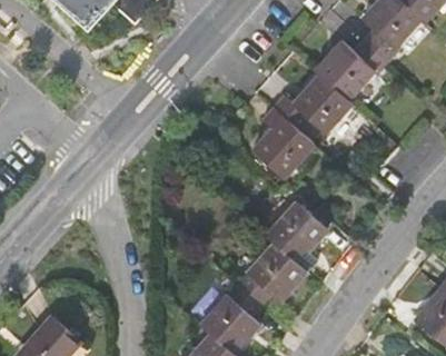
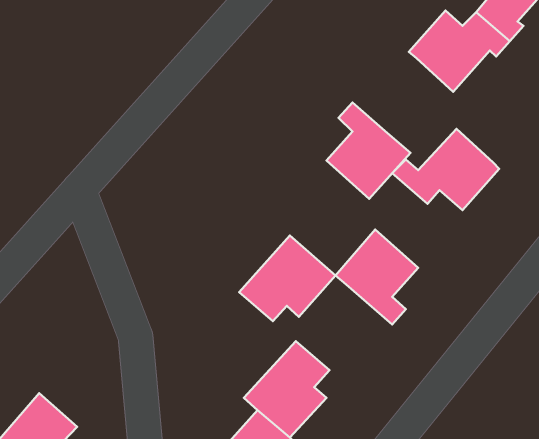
building: [280,73,358,132] -> [392,129,499,210]
building: [239,238,309,300] -> [239,236,336,321]

